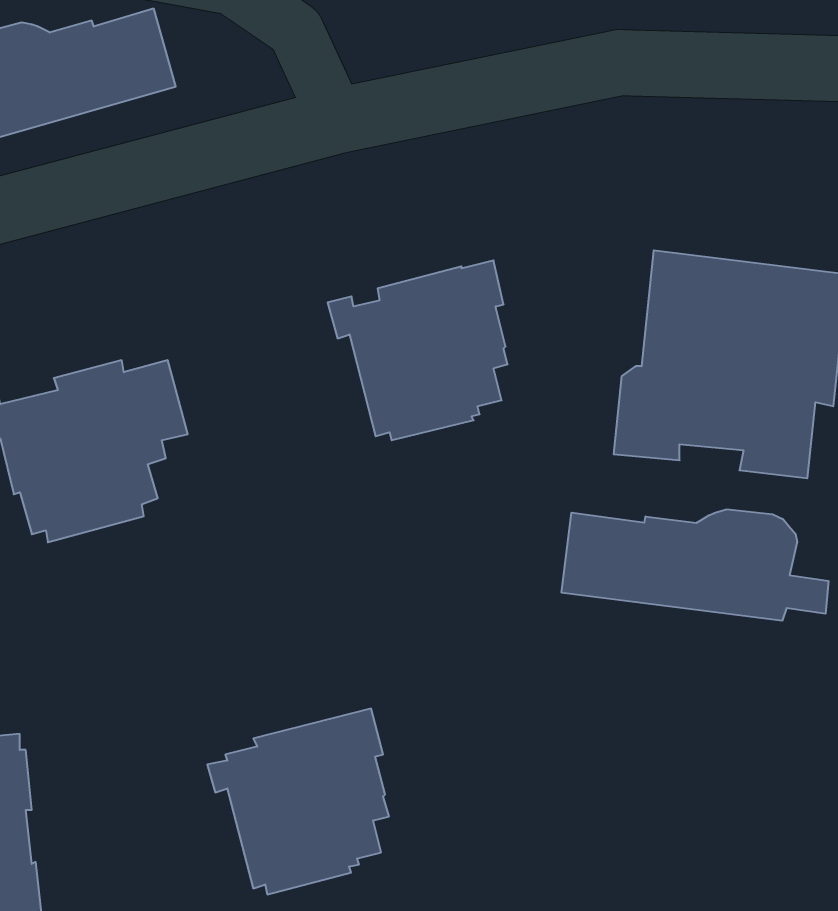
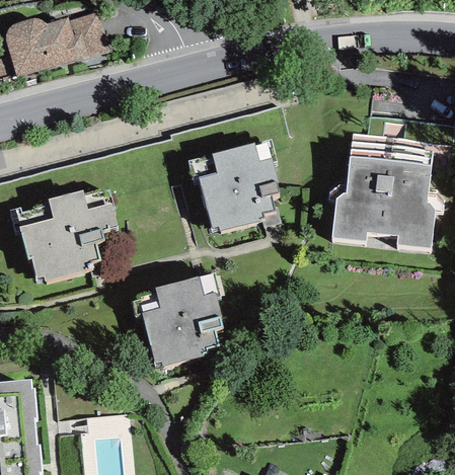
building: [562,509,828,621] -> none
building: [207,709,389,894] -> [130,273,222,368]

